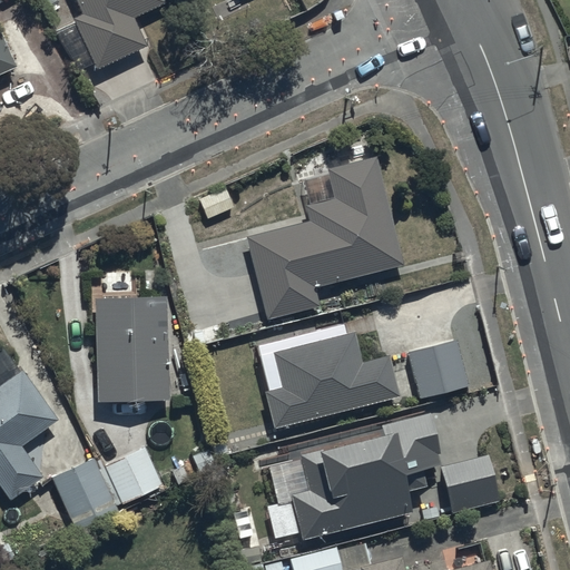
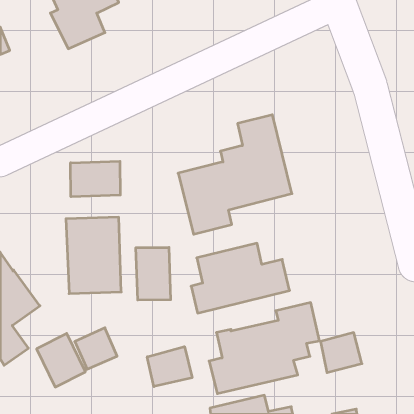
building: none -> [71,161,120,197]
building: none -> [136,247,171,300]
building: [407,340,466,396] -> none
building: none -> [147,347,192,387]

